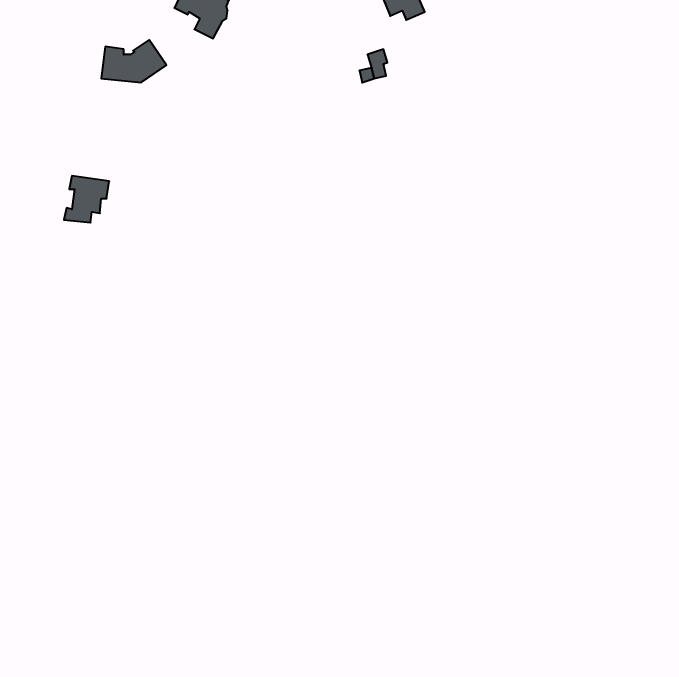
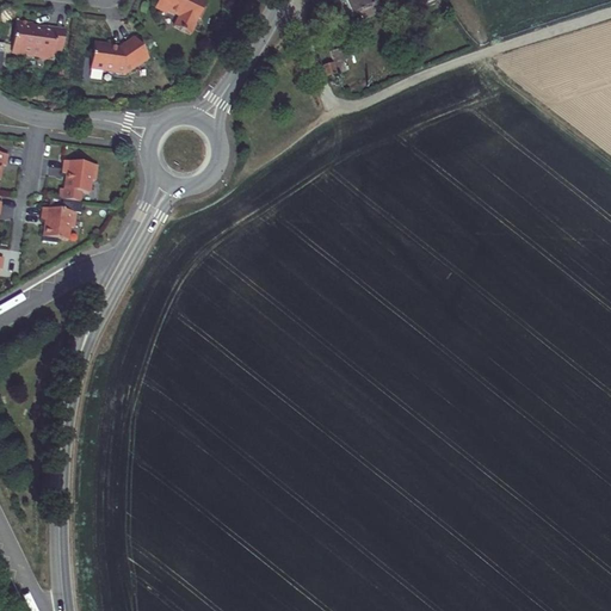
building: none -> [11,18,64,58]
building: none -> [42,196,82,237]

